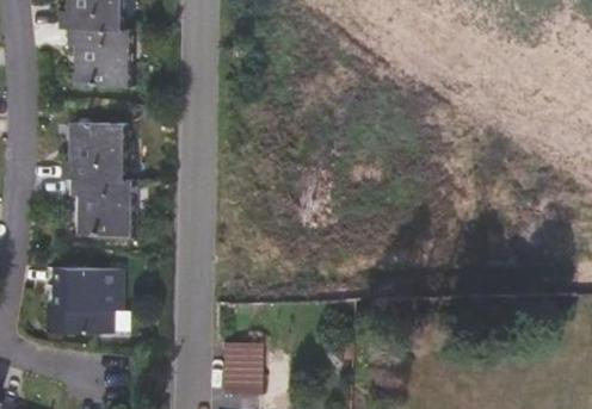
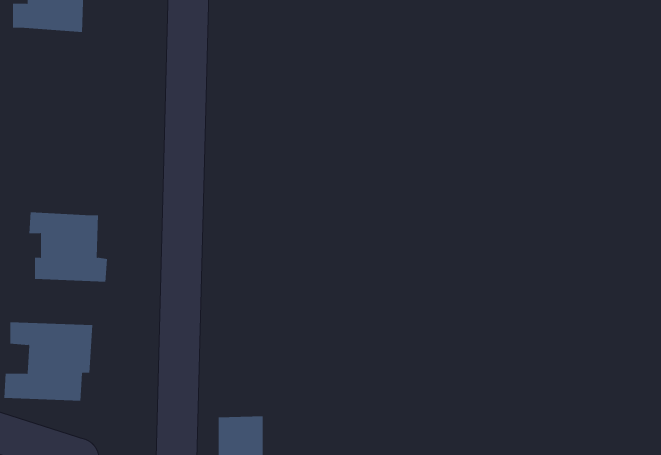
building: [68,30,132,87] -> none
building: [62,123,129,181] -> none

